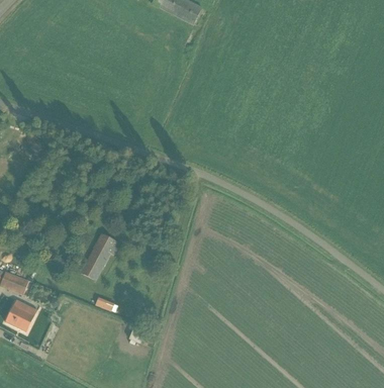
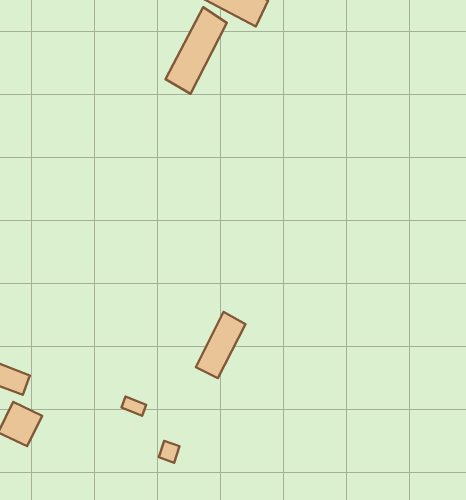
building: none -> [166,7,227,94]
building: [80,231,116,280] -> [196,312,246,378]

